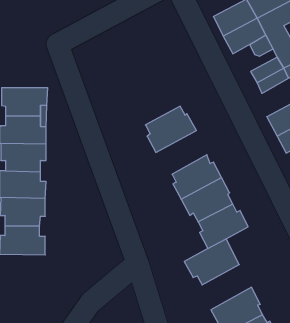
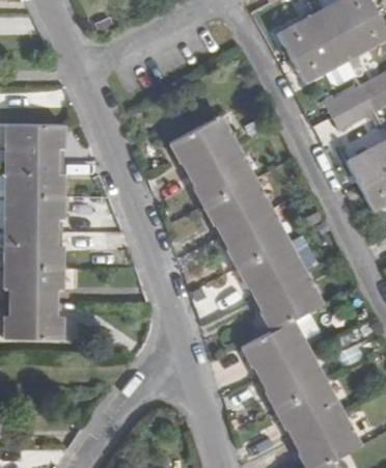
building: none -> [168,114,235,172]
building: none -> [203,180,269,236]
building: none -> [263,352,326,410]

